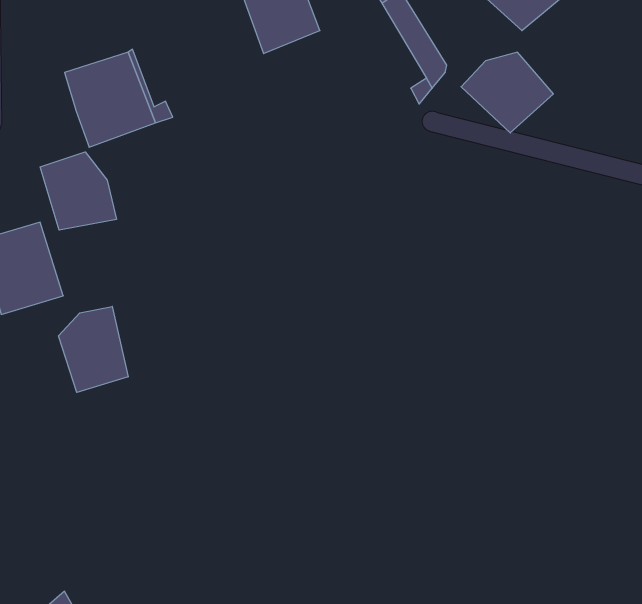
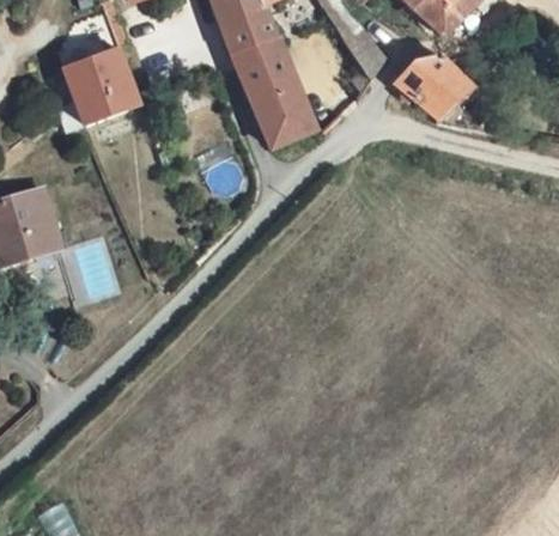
building: none -> [229,32,314,148]
building: [40,152,116,230] -> none
building: [58,306,128,392] -> none

